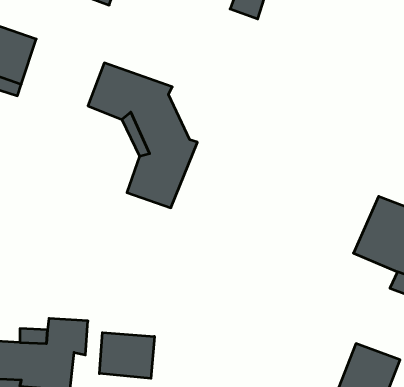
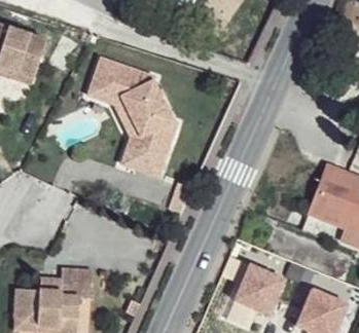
building: none -> [234,262,283,313]
building: [99,333,154,378] -> none

